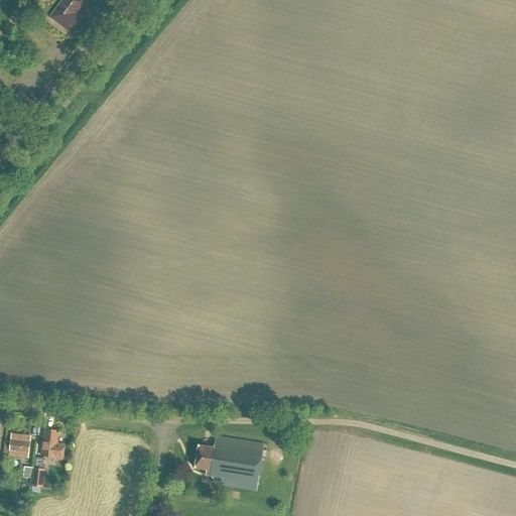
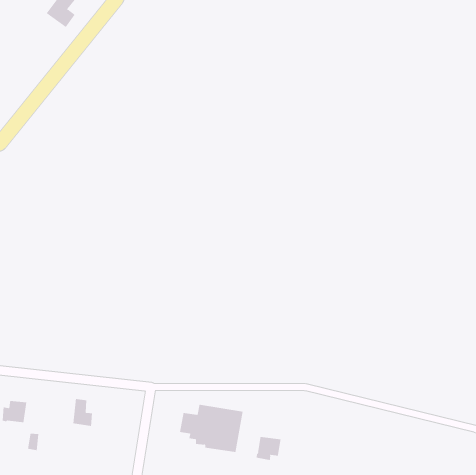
building: [40,428,62,459] -> [72,398,93,426]
building: none -> [256,436,281,461]

